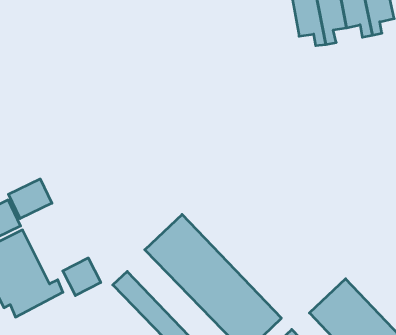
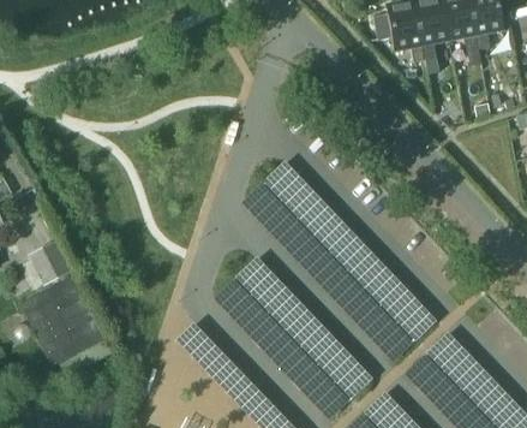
building: none -> [240,161,438,362]
building: [8,179,52,219] -> none
building: [63,258,101,296] -> none

